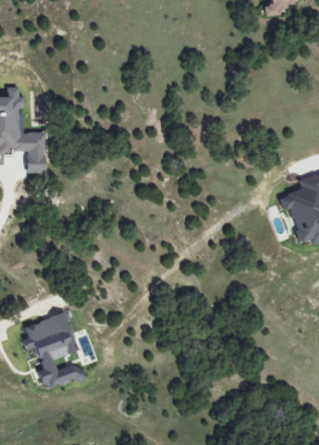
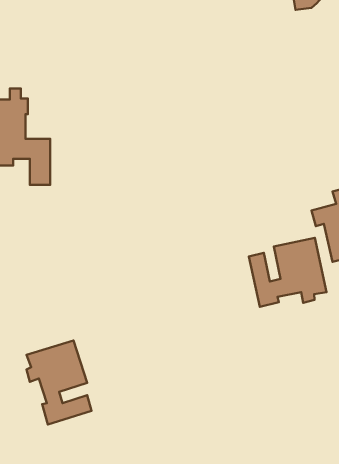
building: none -> [249,238,326,307]

